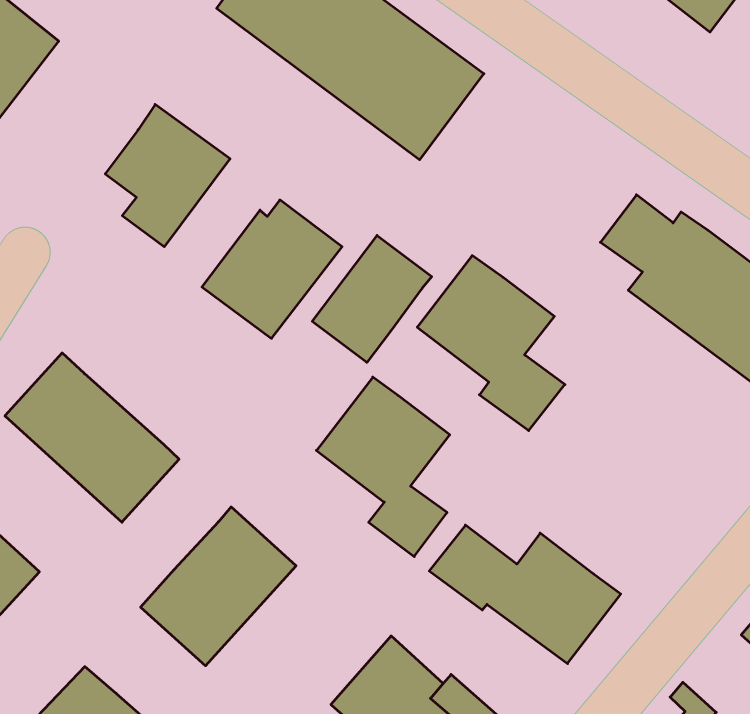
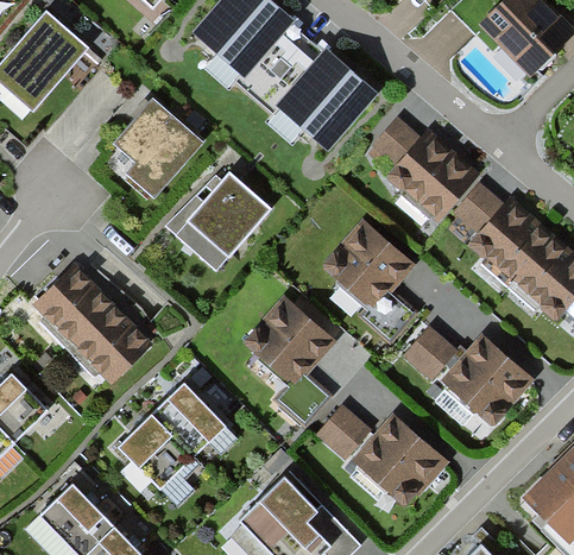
building: none -> [371,121,478,226]
building: [312,235,432,362] -> none
building: none -> [400,327,532,428]

